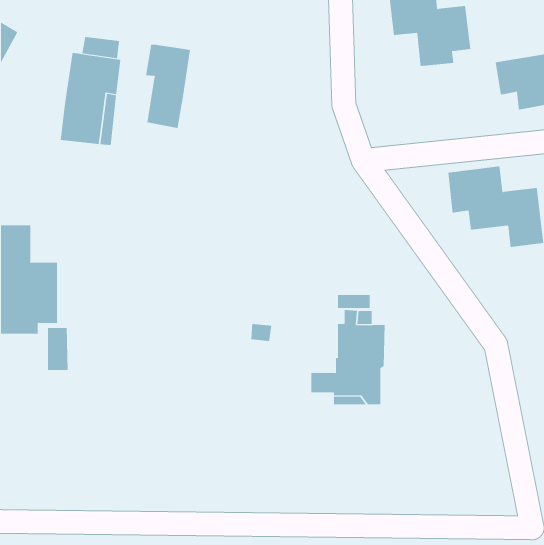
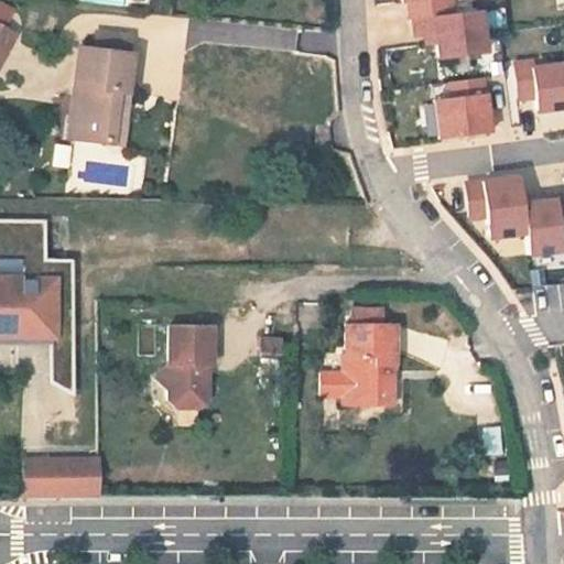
building: [146,44,190,129] -> none
building: none -> [433,75,490,135]
building: none -> [158,333,214,417]
building: none -> [26,454,100,495]

